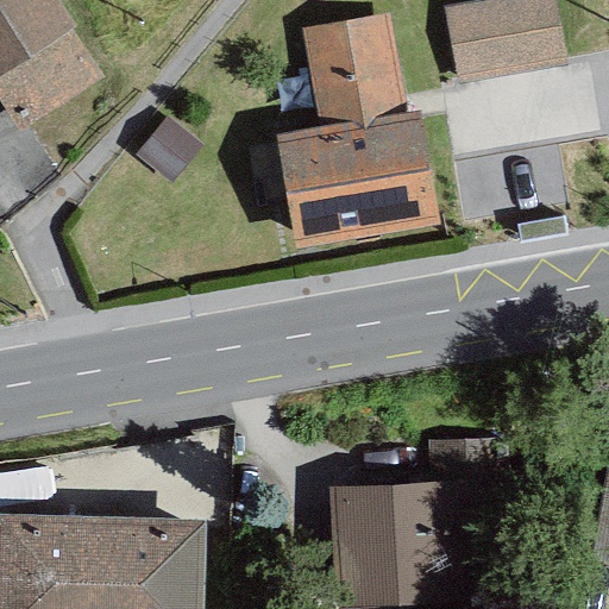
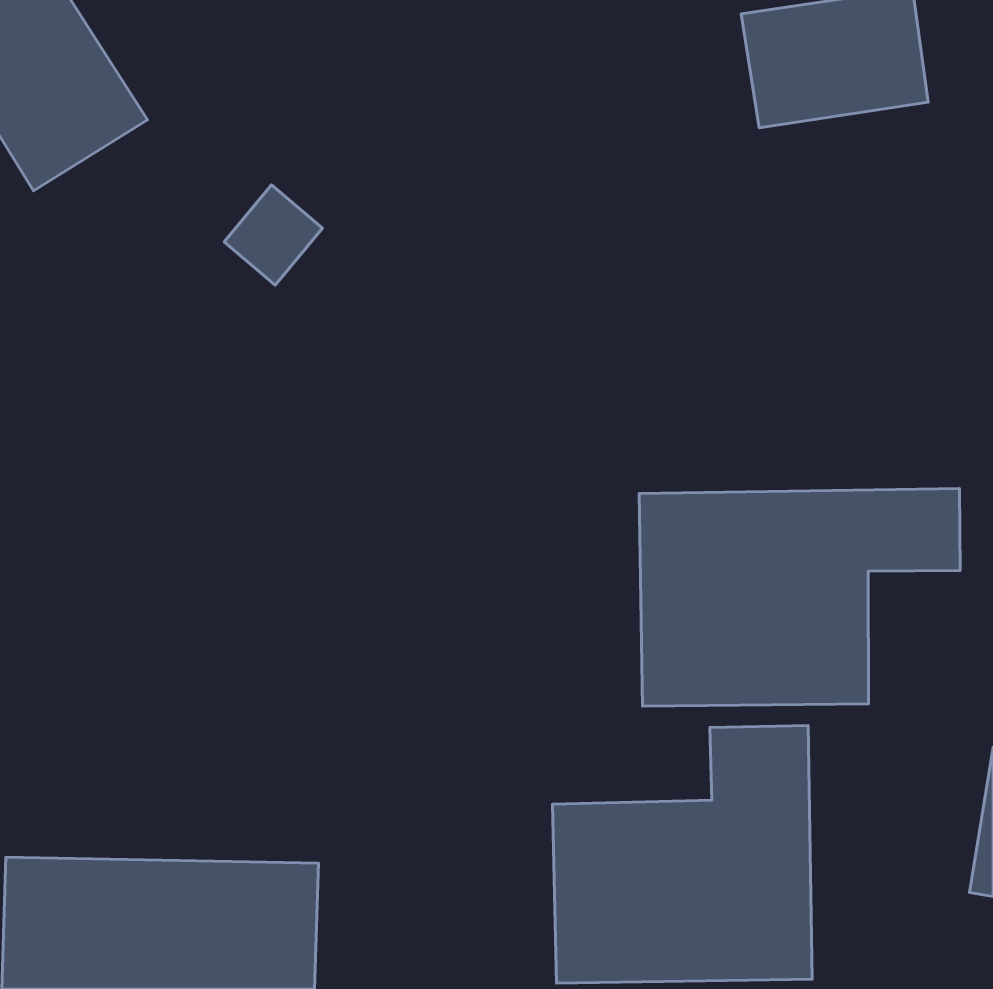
building: [278,19,431,240] -> none
building: none -> [639,489,960,706]

